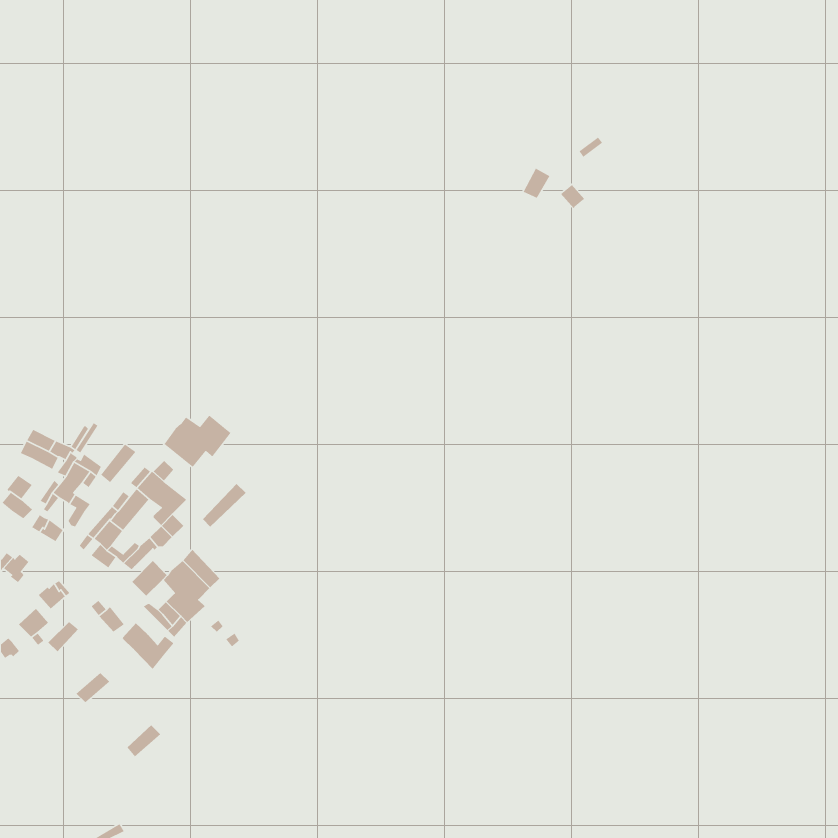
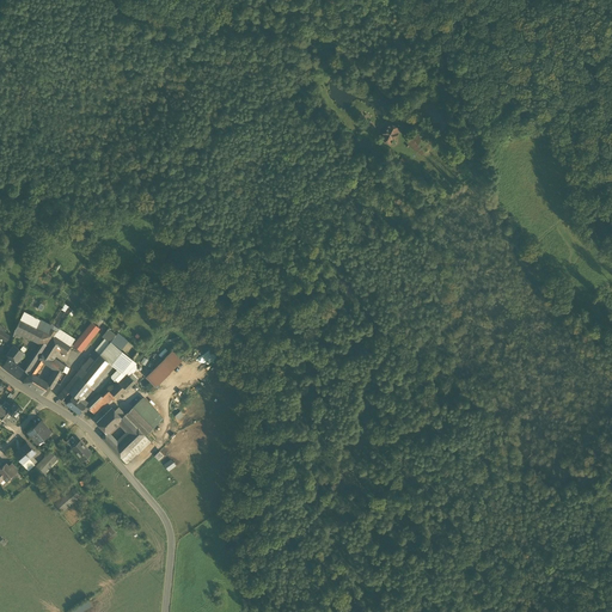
building: [164,415,231,468] -> none
building: [121,622,174,670] -> none

